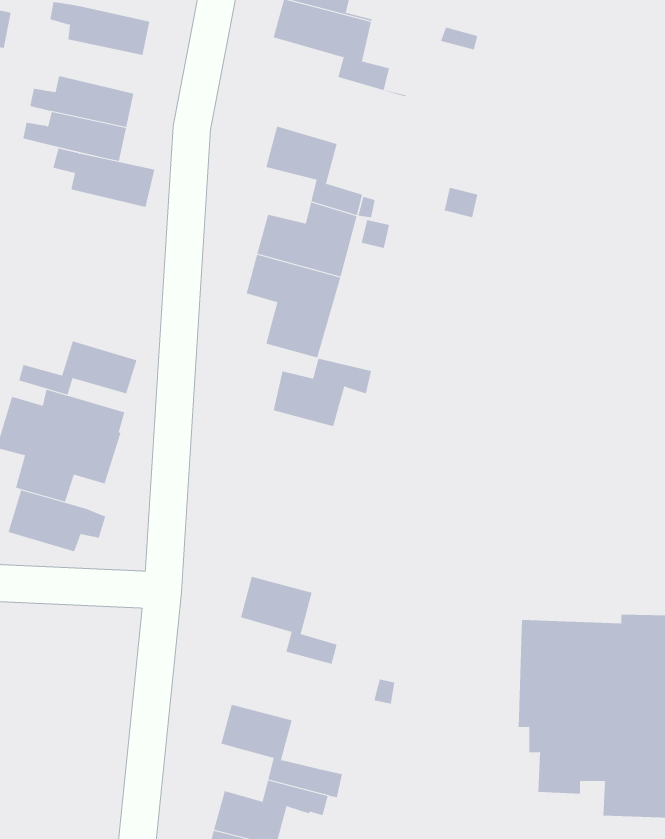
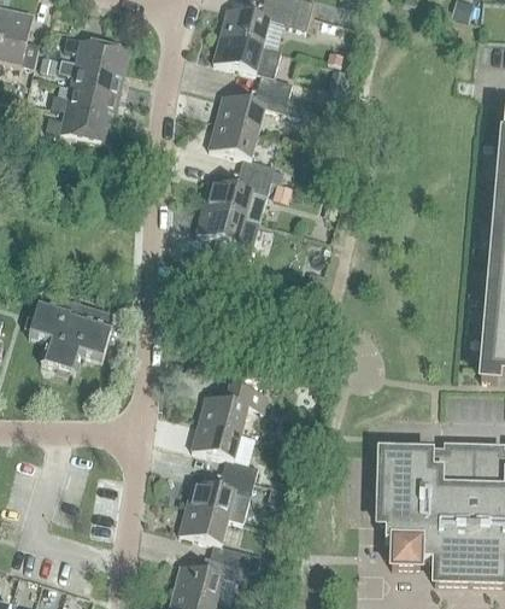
building: none -> [215,87,301,131]
building: [52,148,155,207] -> [57,58,125,98]
building: [18,341,137,395] -> none
building: [273,358,372,427] -> [198,386,264,432]
building: [8,490,106,552] -> none
building: none -> [184,472,252,521]

